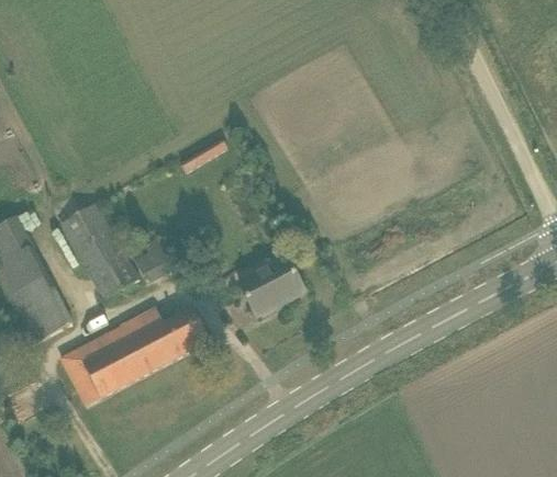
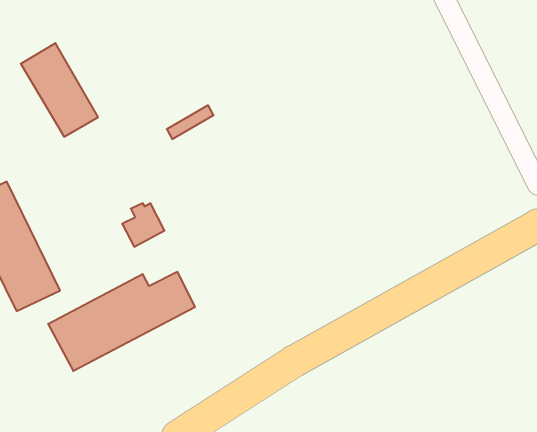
building: [59,203,137,297] -> [21,43,98,137]
building: [237,258,303,317] -> none

